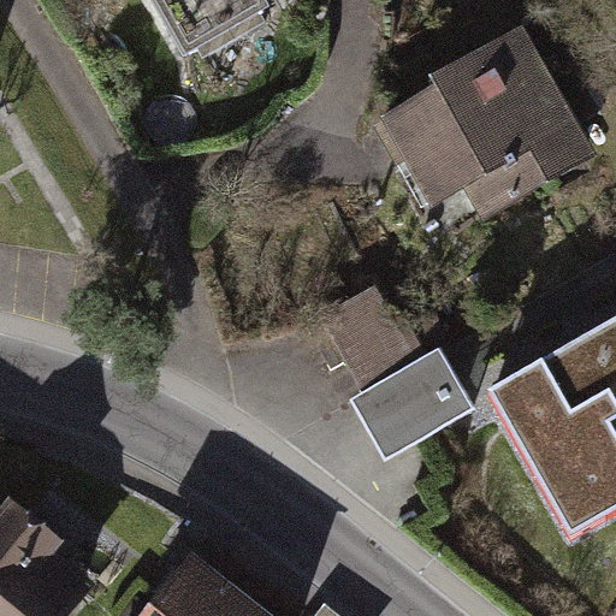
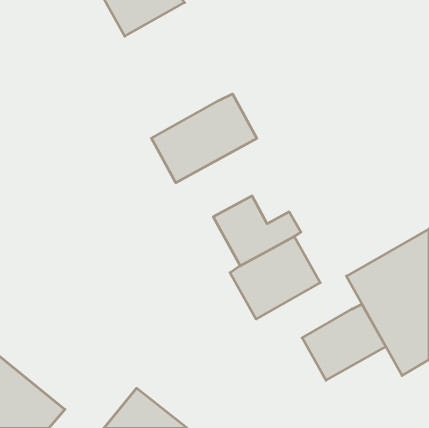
building: [379,28,600,213] -> none
building: none -> [151,94,257,183]
building: none -> [302,304,386,380]

